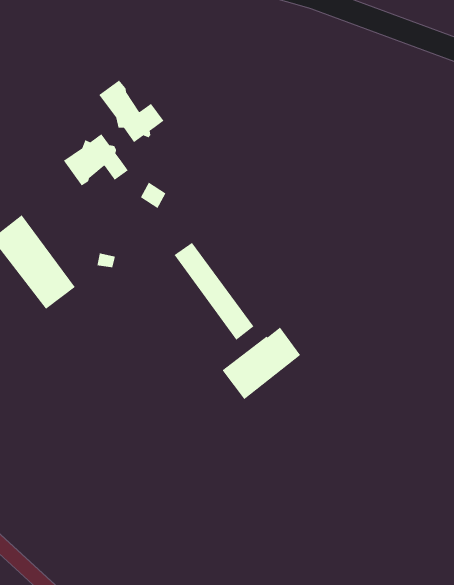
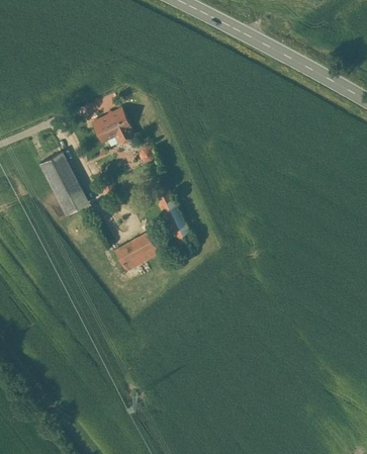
building: [98,79,165,143] -> none
building: [222,326,301,400] -> [113,229,165,271]

